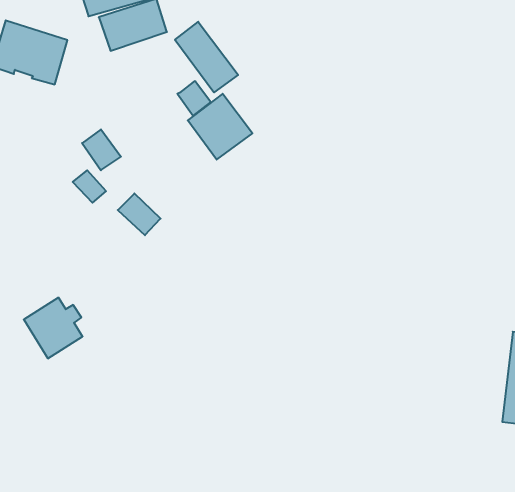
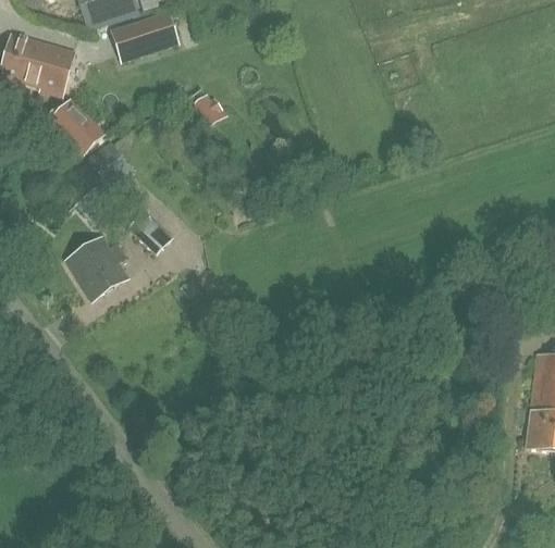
building: [175,22,238,92] -> none
building: none -> [48,99,104,155]
building: [188,94,252,160] -> none
building: [24,298,83,358] -> [65,237,126,300]

